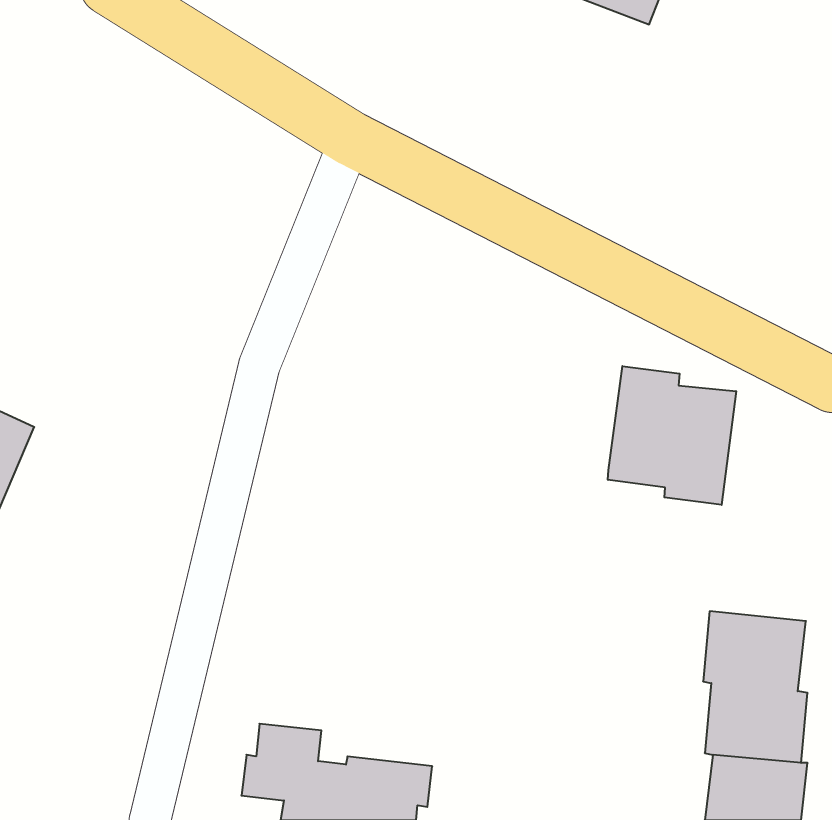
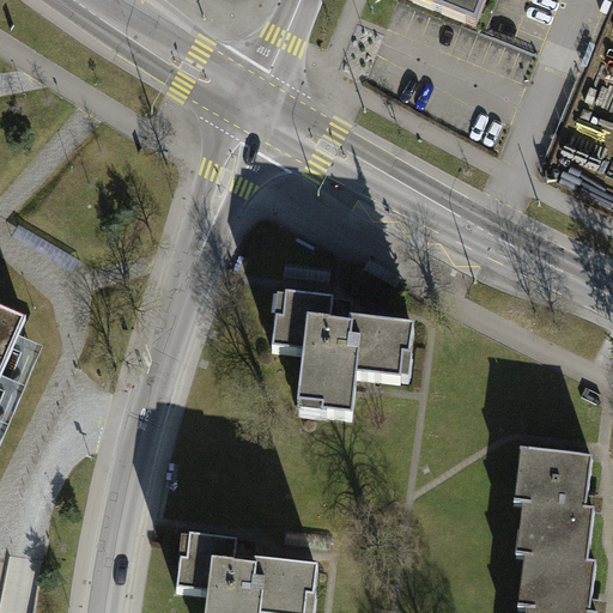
building: [608,366,736,505] -> none
building: none -> [267,293,411,420]

